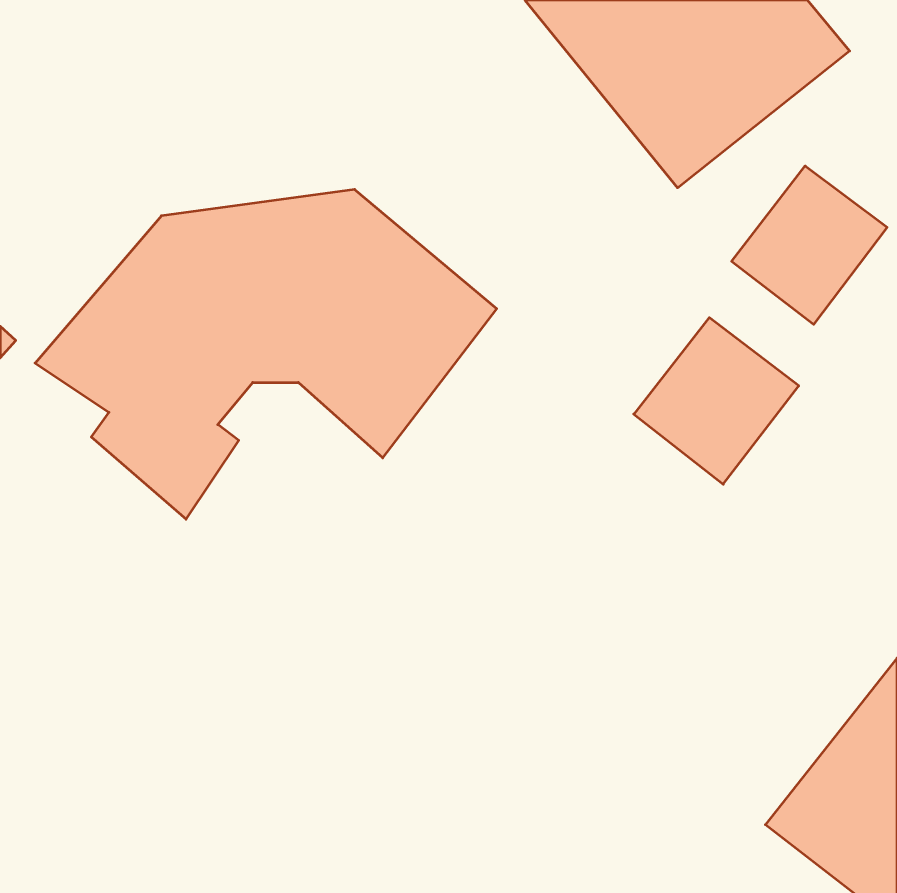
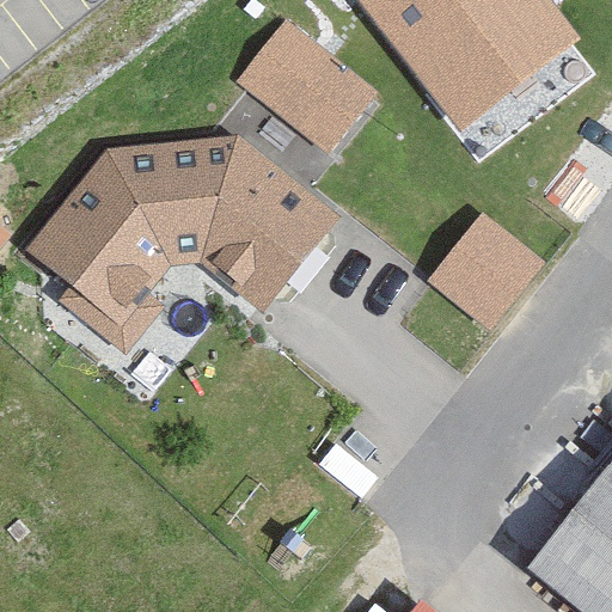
building: none -> [238,18,381,155]
building: [732,166,887,324] -> none

